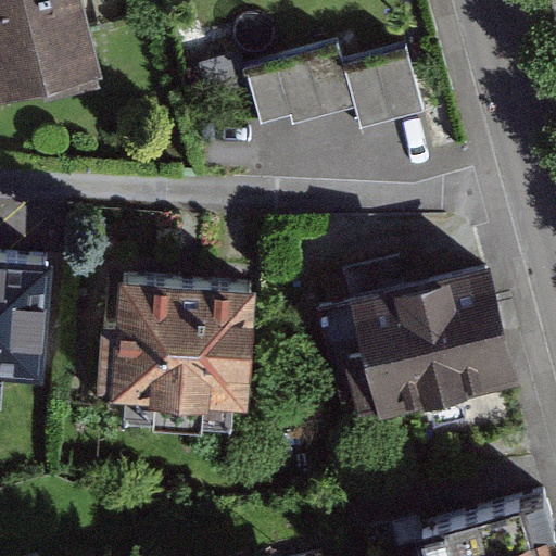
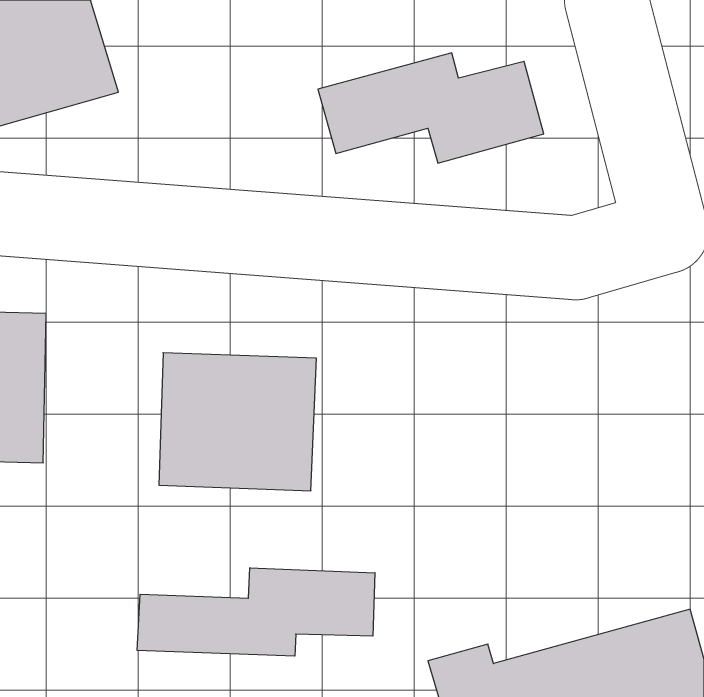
building: [355,270,514,407] -> none
building: none -> [137,568,375,656]

